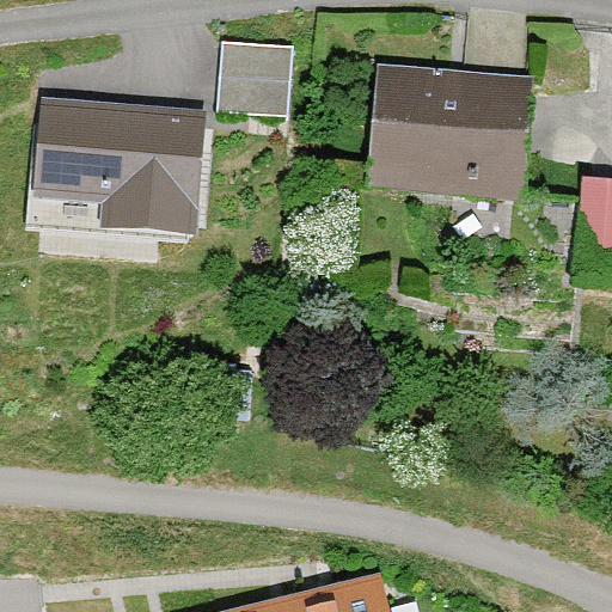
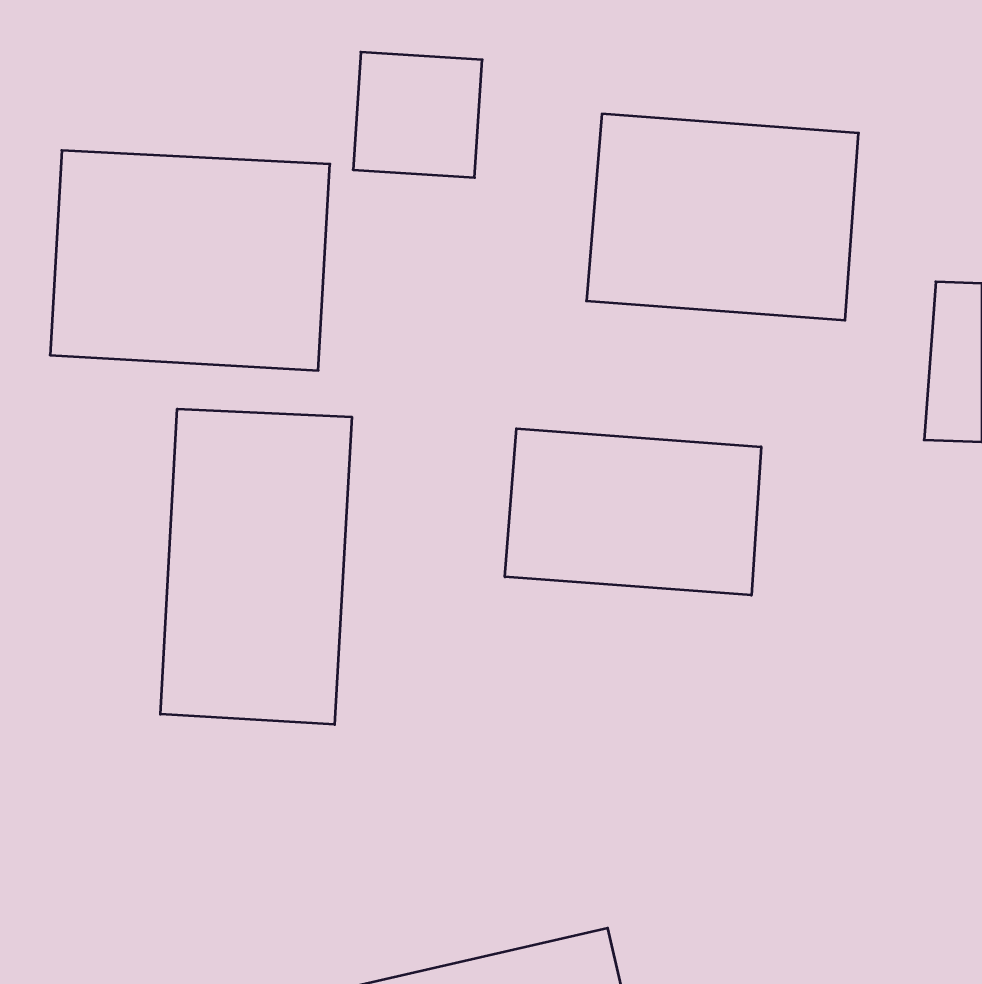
building: none -> [160,409,352,725]
building: none -> [505,429,761,595]

